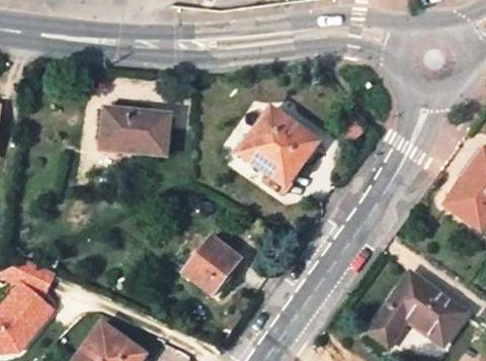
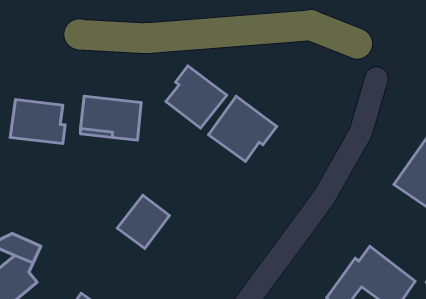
building: none -> [166,66,227,128]
building: none -> [10,99,65,144]
building: [181,236,239,294] -> [117,195,170,249]

